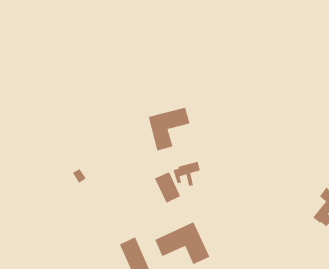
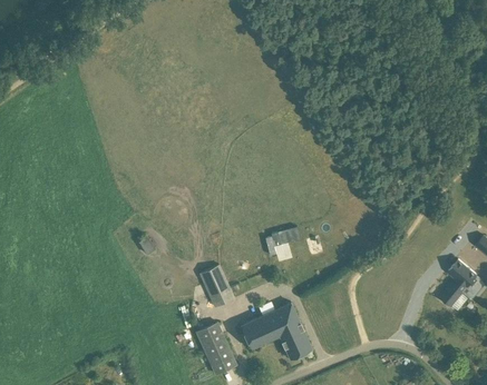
building: [148,107,190,151] -> none
building: [154,171,181,204] -> [198,266,233,307]

